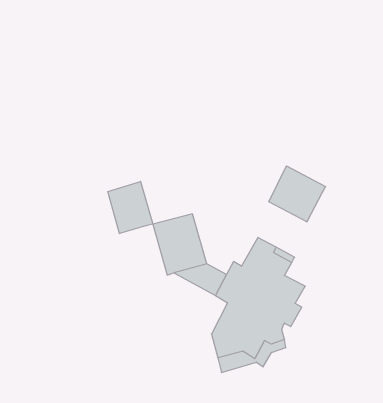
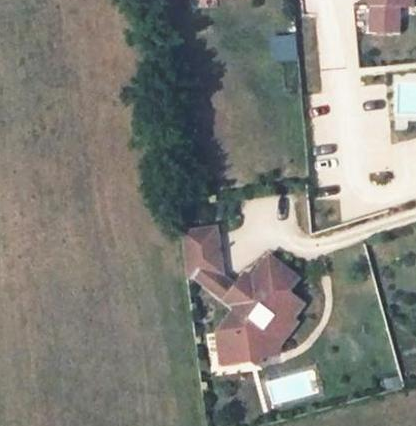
building: [269,166,326,222] -> none
building: [108,181,153,234] -> none

